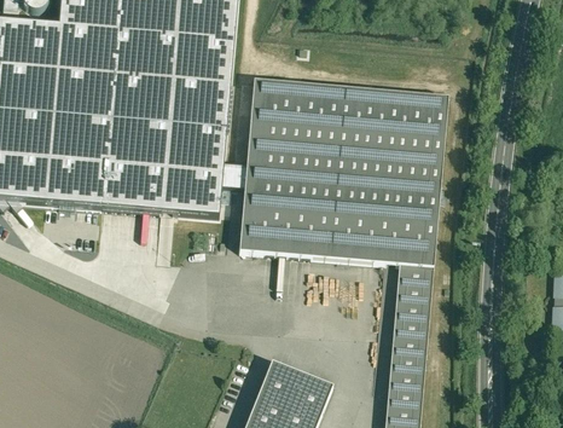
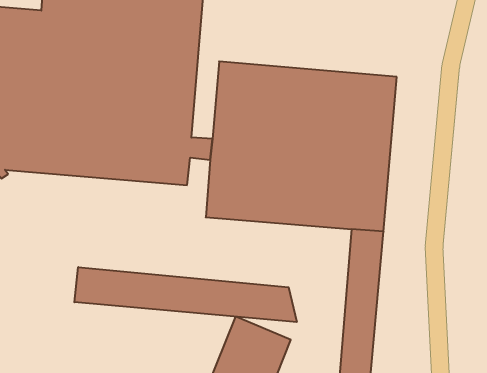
building: none -> [74,267,297,322]

